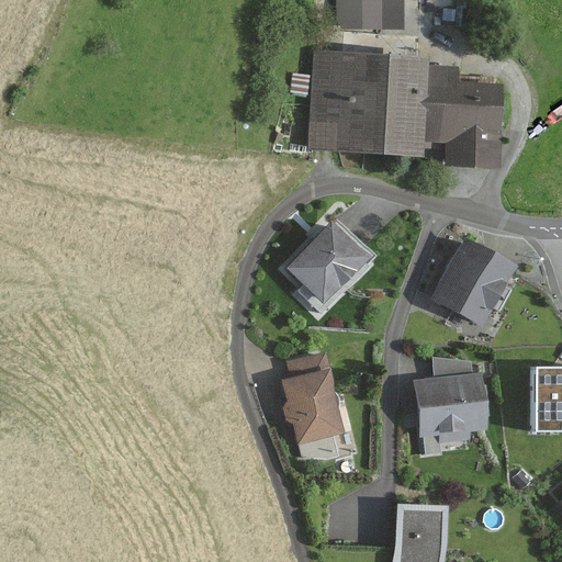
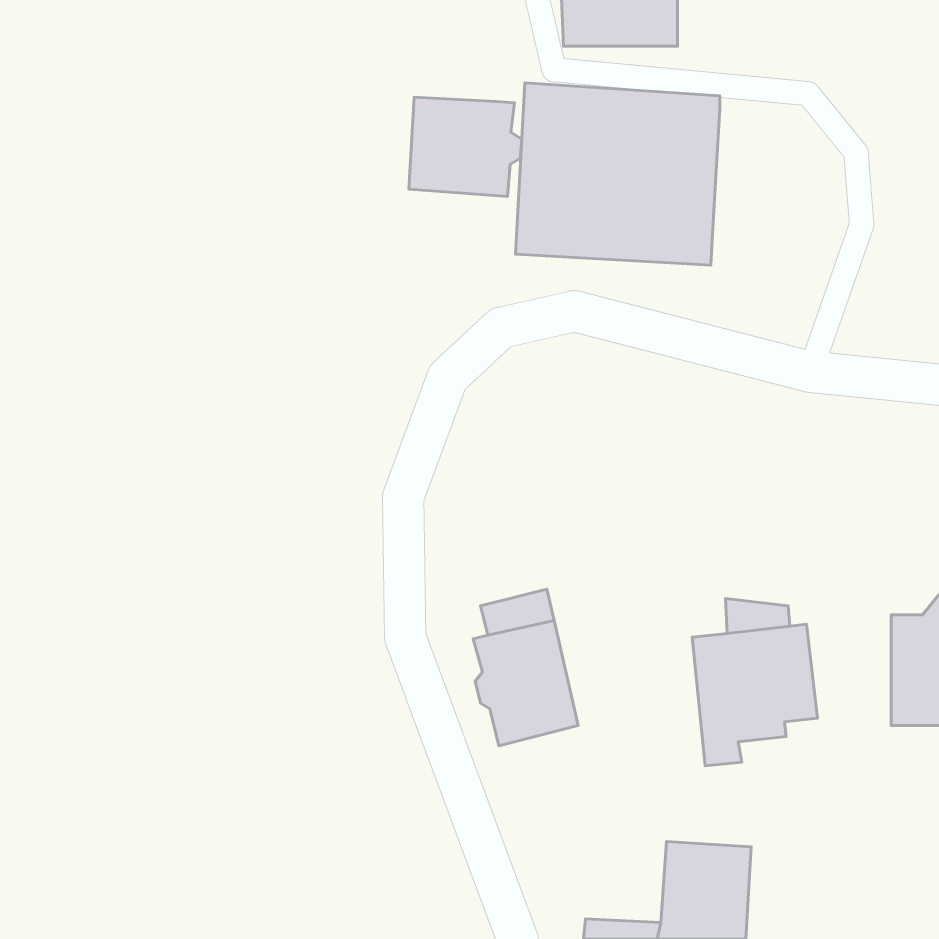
building: none -> [409,97,522,197]
building: [426,65,502,167] -> none
building: [286,220,370,303] -> none
building: [432,237,518,327] -> none

